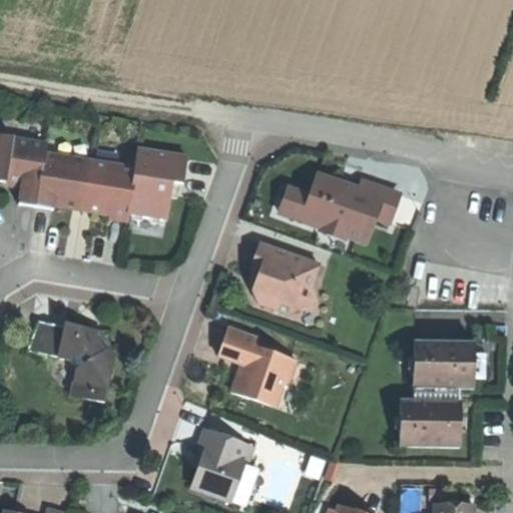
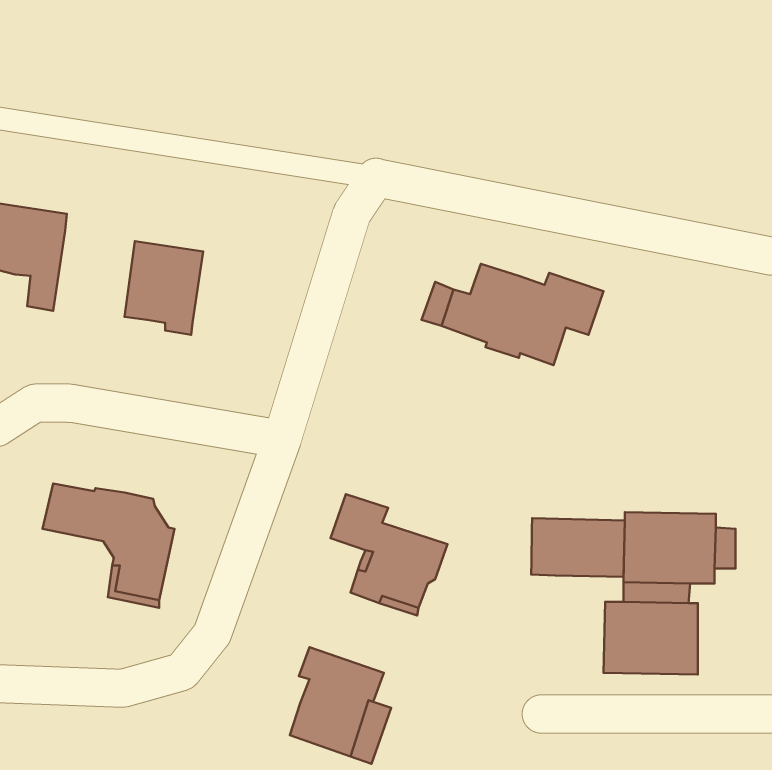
building: [127,147,186,219] -> none
building: [35,152,89,209] -> none
building: [250,242,319,309] -> none
building: none -> [531,518,625,577]

